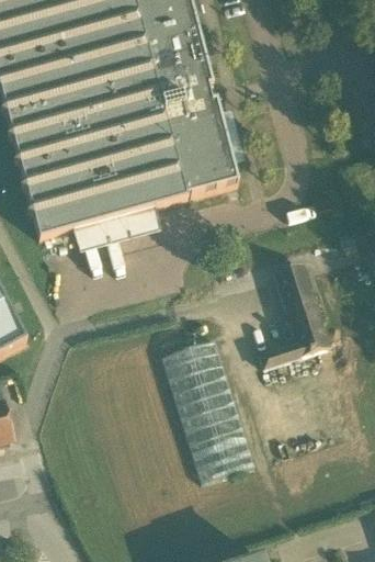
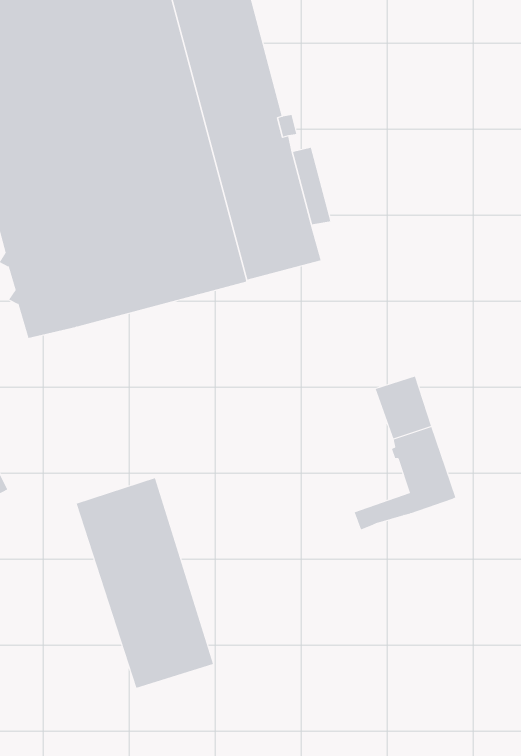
building: [70,205,159,251] -> none
building: [159,336,252,479] -> [76,477,214,688]

